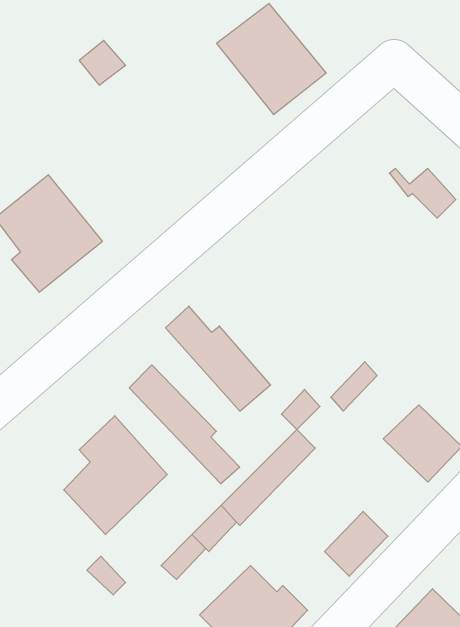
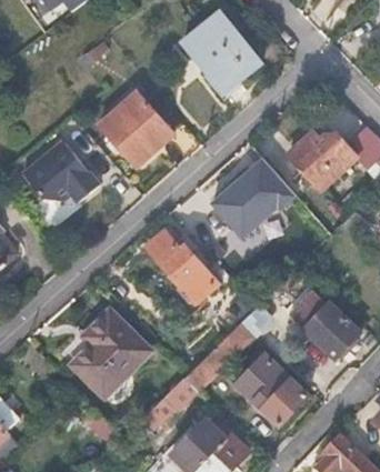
building: none -> [99,91,172,164]
building: none -> [290,135,342,187]
building: none -> [210,157,294,239]
building: [129,365,240,484] -> none
building: none -> [234,352,289,408]

